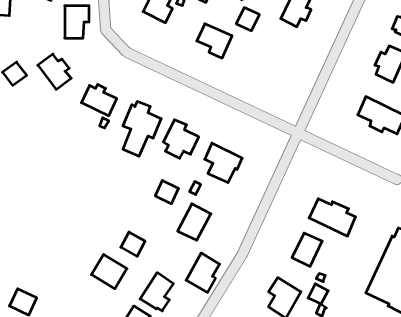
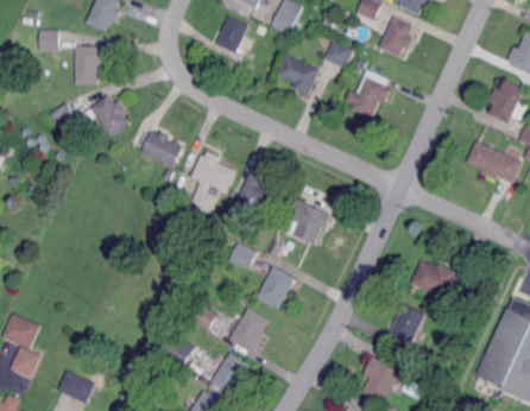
building: [65,6,89,38] -> [76,44,105,82]
building: none -> [352,76,391,115]
building: [186,253,220,292] -> [229,306,269,353]

